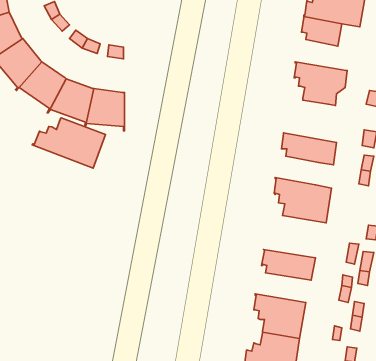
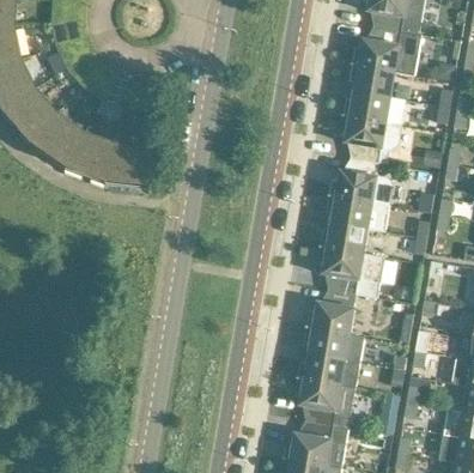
building: none -> [341,89,403,123]
building: none -> [328,157,391,205]
building: [32,118,106,168] -> none
building: none -> [318,220,367,253]
building: none -> [305,287,356,333]
building: none -> [296,352,359,386]

